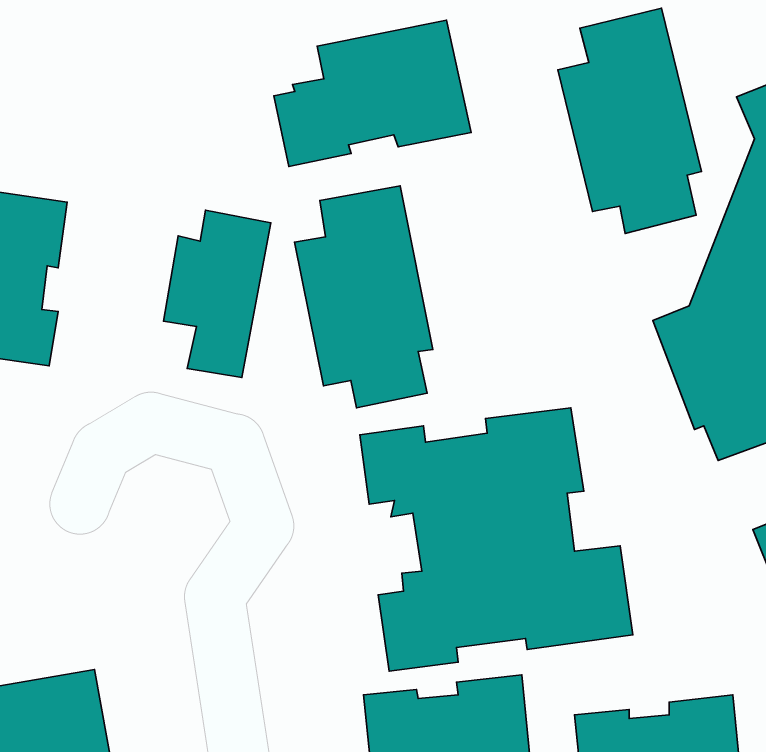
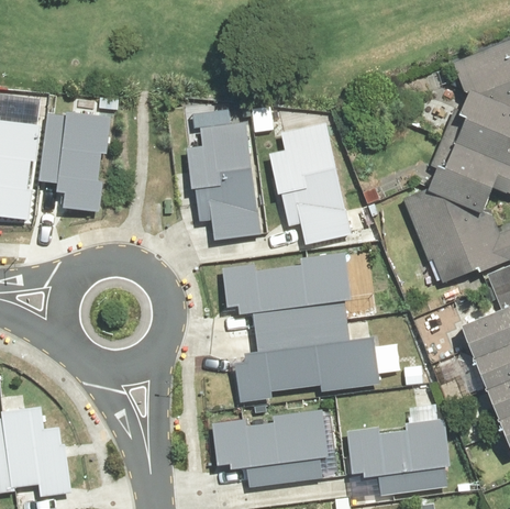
building: [558,8,702,233] -> [265,113,352,250]
building: [274,20,471,167] -> none
building: [164,210,271,377] -> [45,110,110,211]

